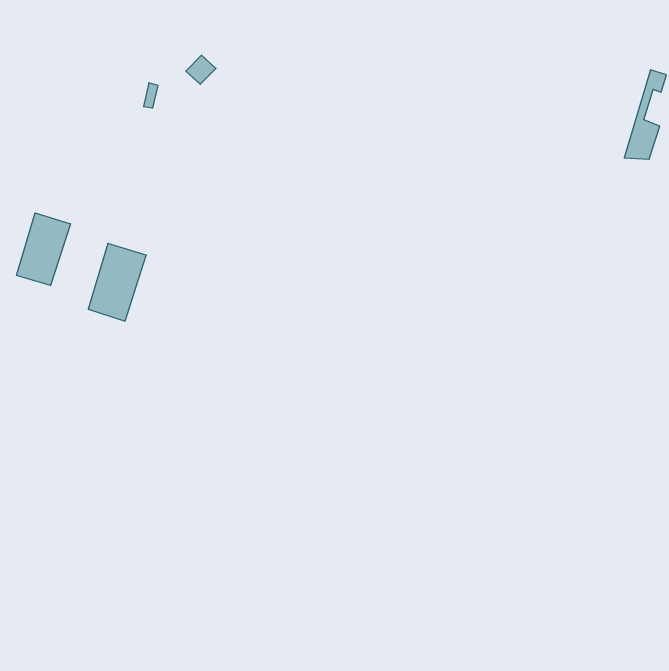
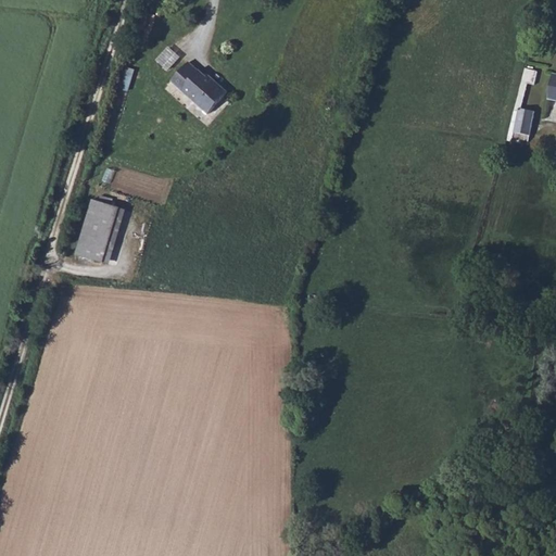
building: none -> [170,61,226,112]
building: [16,213,70,286] -> none

